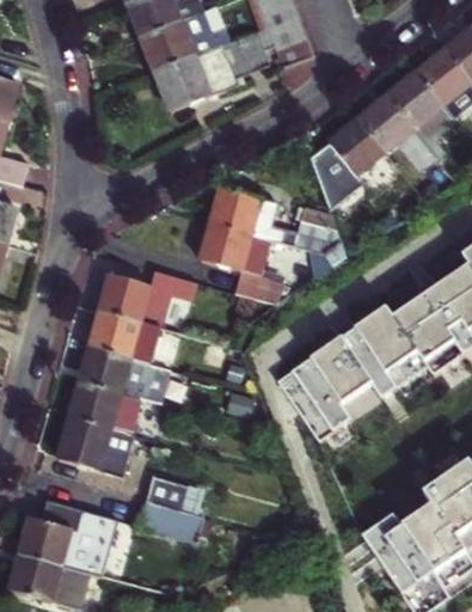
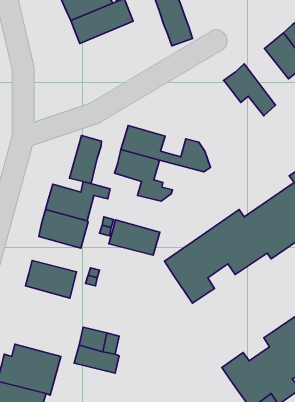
building: [148,19,266,103] -> none
building: [387,72,454,154] -> none
building: [307,120,382,209] -> none
building: none -> [70,136,102,184]
building: [79,345,153,397] -> [109,220,160,255]
building: [57,417,134,477] -> none

